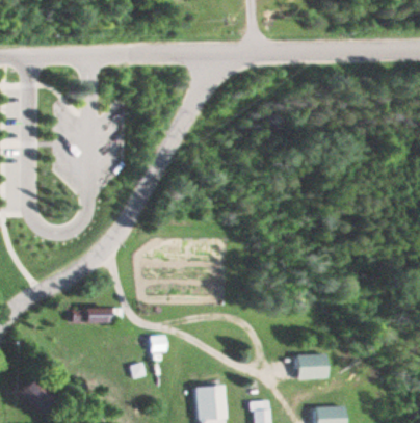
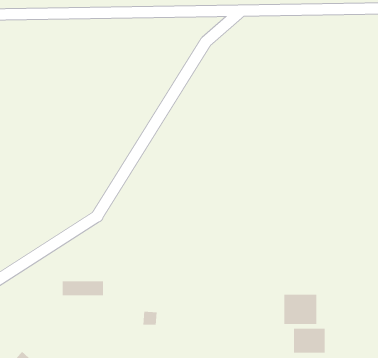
building: none -> [284,294,317,325]

